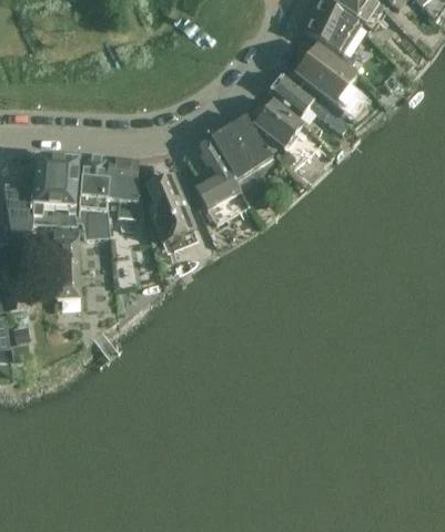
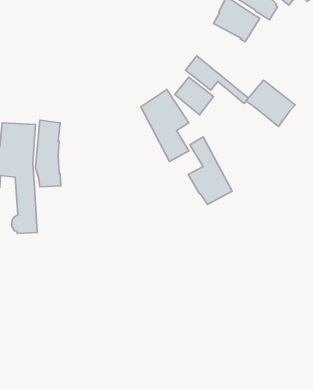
building: [293,43,355,102] -> [246,80,295,127]
building: [191,135,246,221] -> [188,137,232,204]
building: [105,155,136,216] -> none
building: [144,172,193,242] -> none

